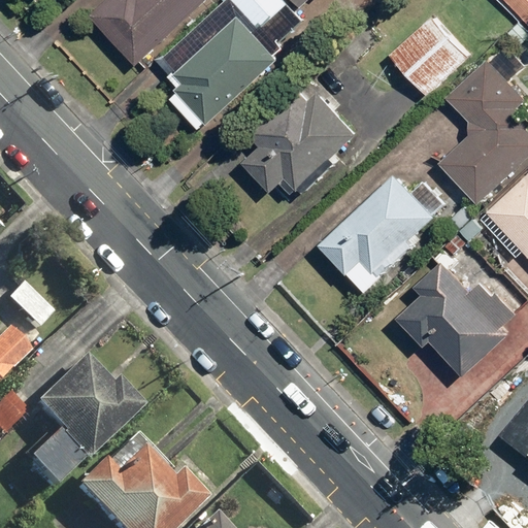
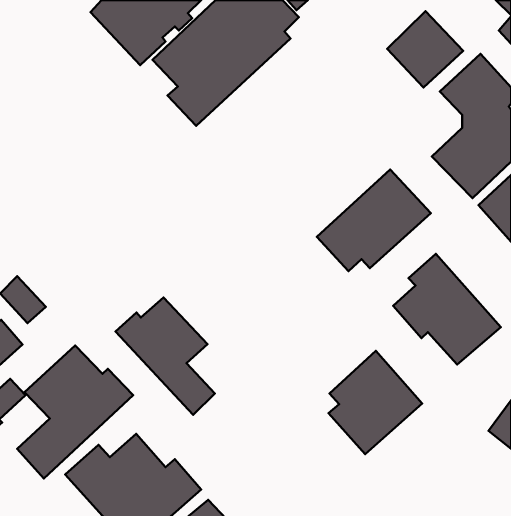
building: [244,87,359,194] -> none
building: none -> [115,297,215,415]
building: none -> [329,351,422,454]

